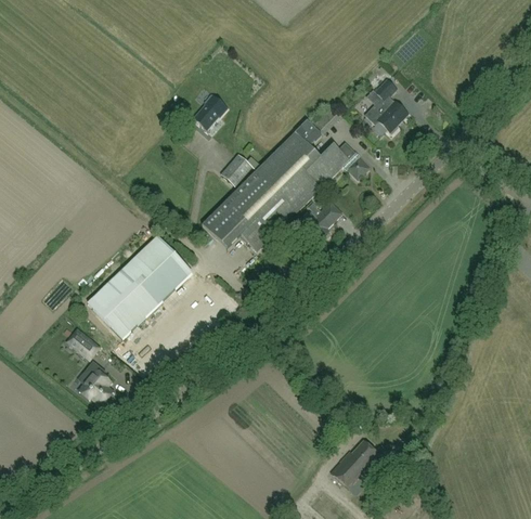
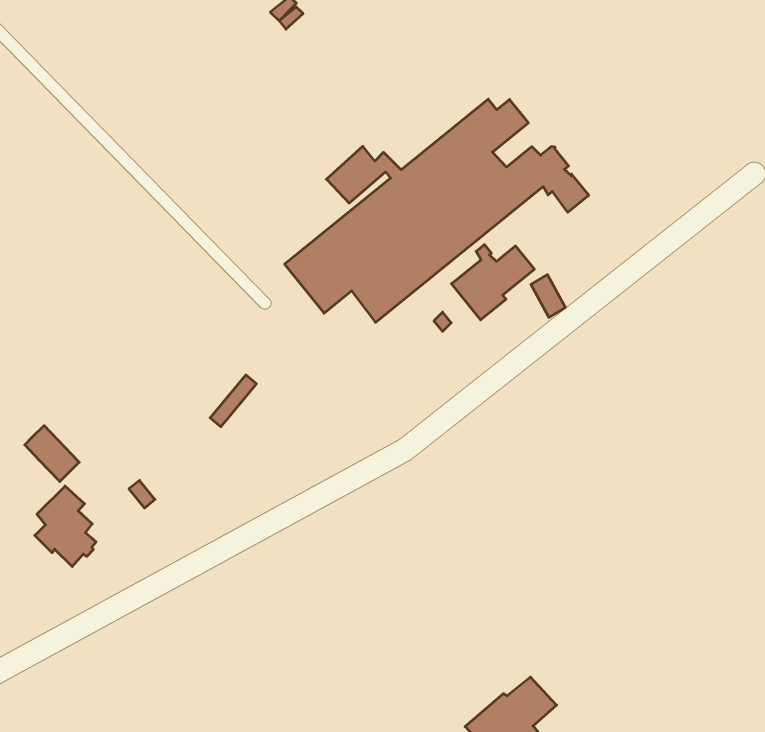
building: [364,79,406,132] -> none
building: [194,87,233,129] -> none
building: [87,235,192,338] -> none

